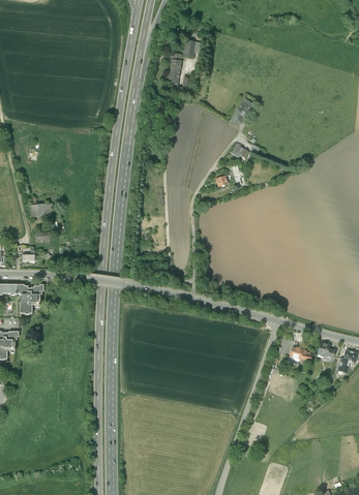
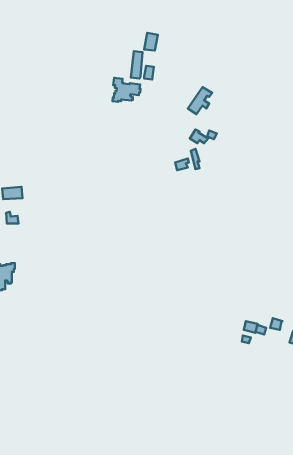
building: none -> [112,78,141,102]

